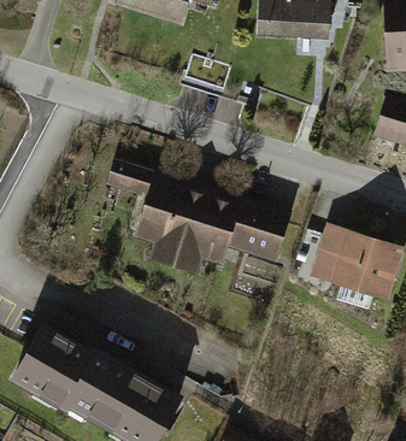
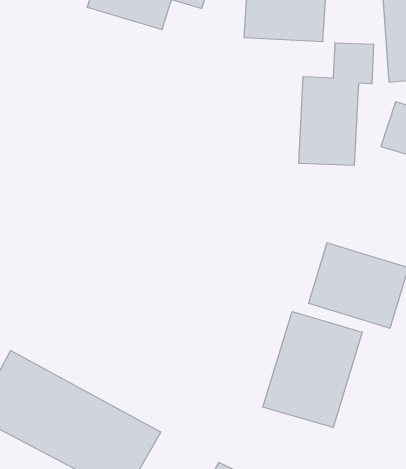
building: none -> [299,43,373,166]
building: [105,153,294,274] -> none
building: none -> [263,312,362,428]

